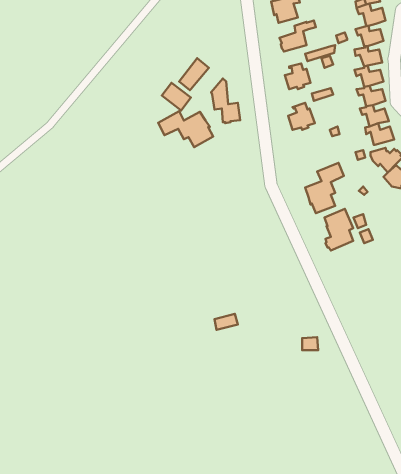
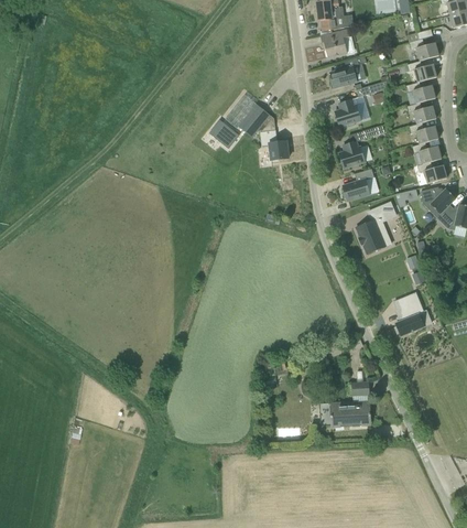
building: [158,111,213,147] -> none
building: none -> [343,169,373,201]
building: [324,209,353,251] -> [394,292,424,335]
building: none -> [319,400,370,425]

